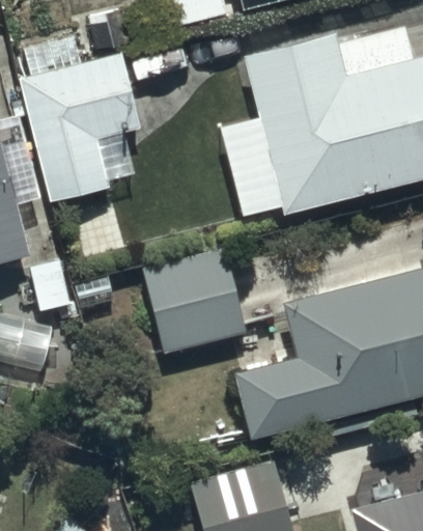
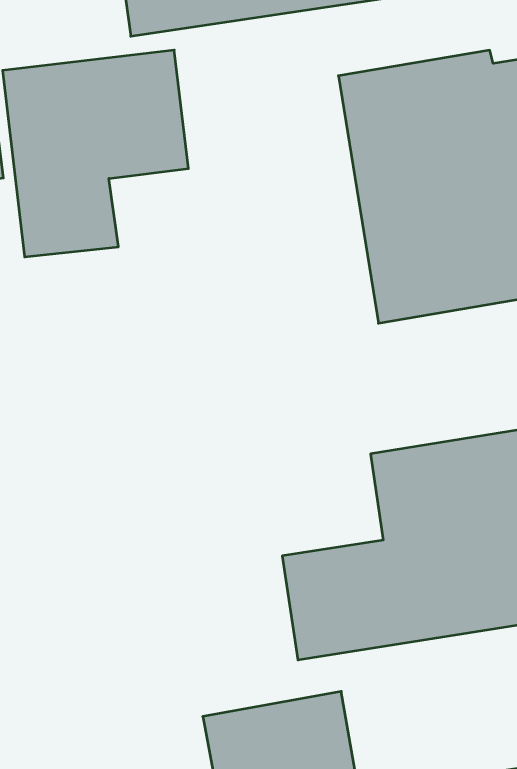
building: [140,247,247,356] -> none

